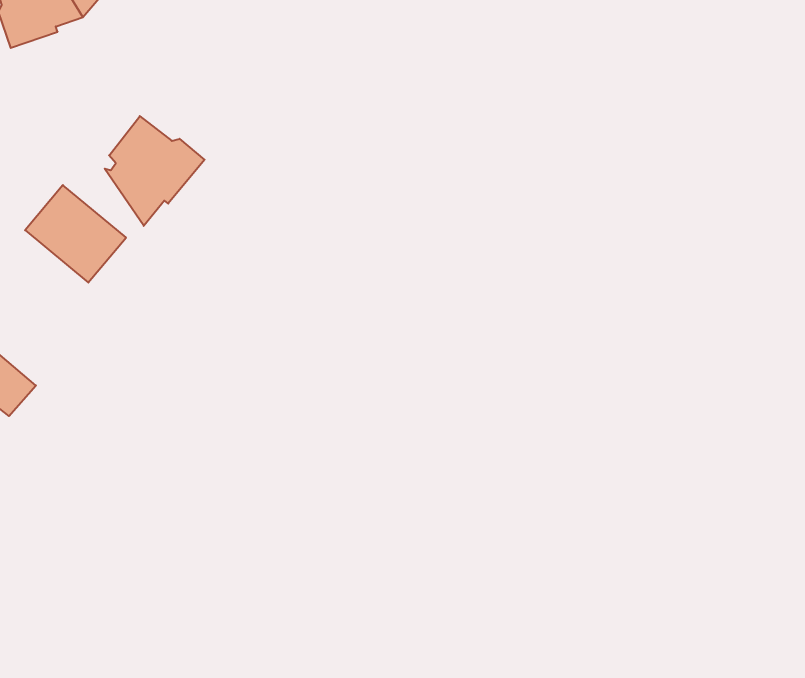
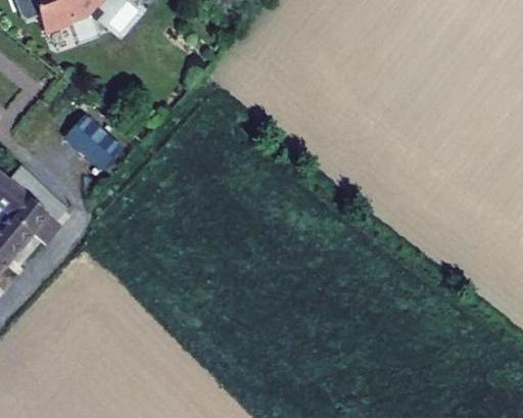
building: [105,116,205,226] -> none

